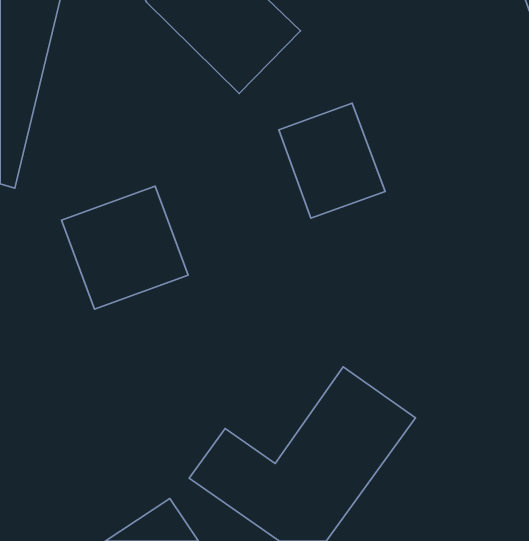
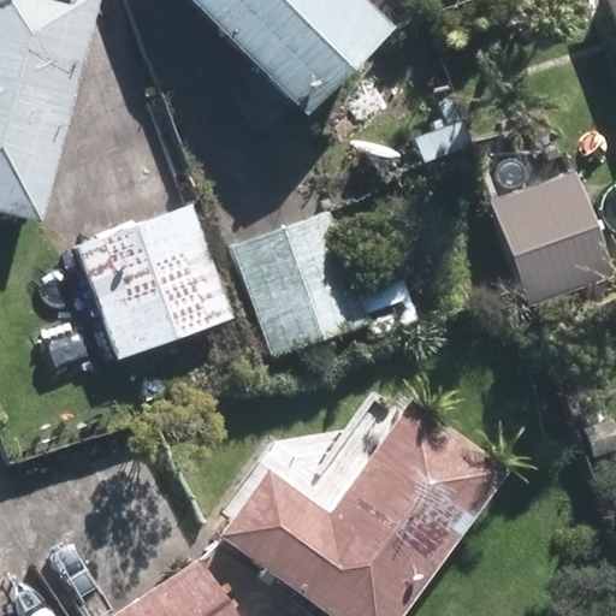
building: [279,103,385,218] -> [241,224,361,354]
building: none -> [491,173,609,303]

